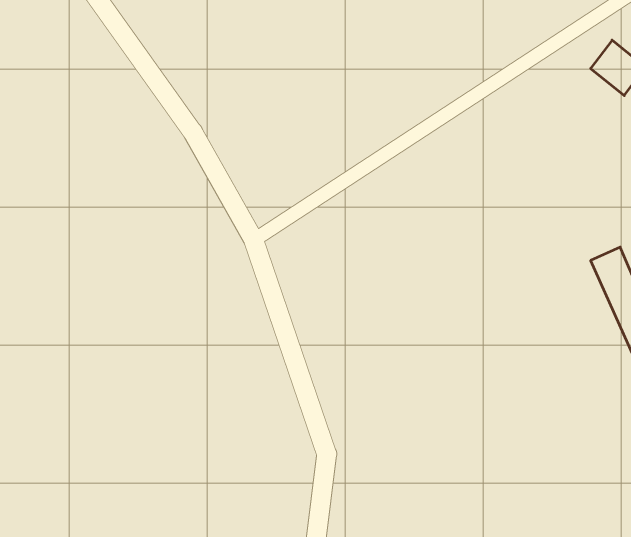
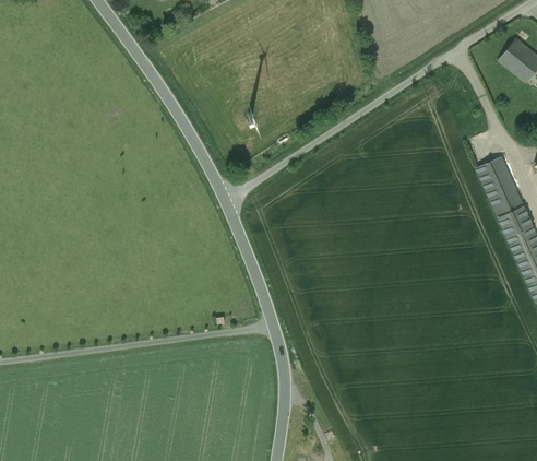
building: none -> [476,157,522,215]

